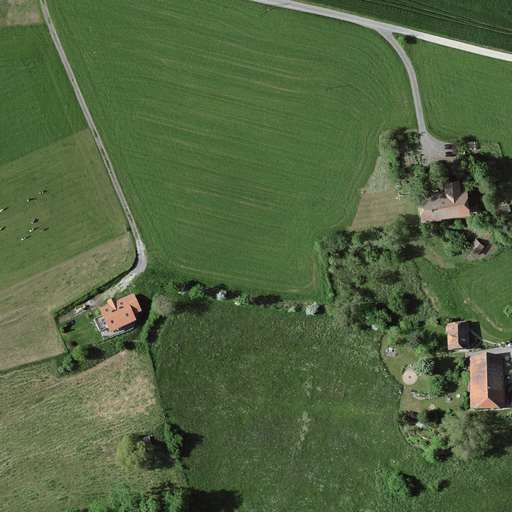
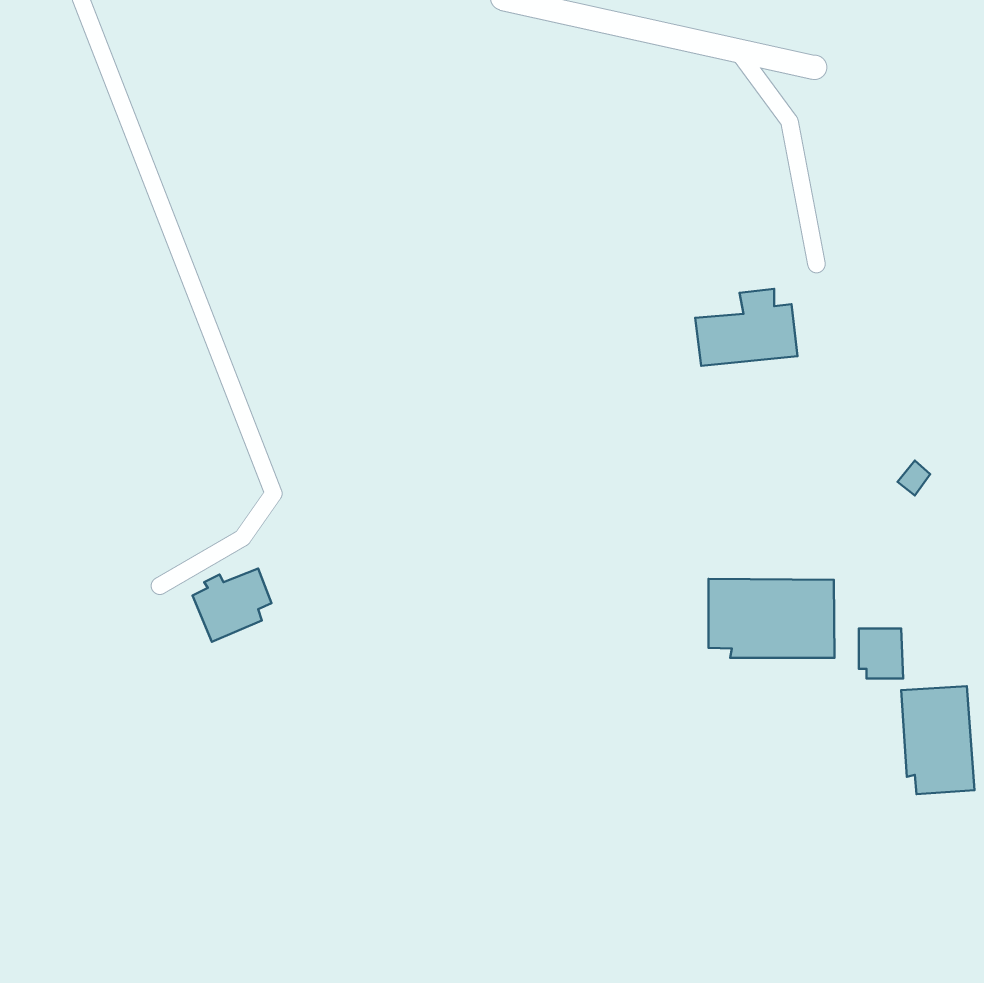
building: [419,177,472,217] -> [695,289,797,366]
building: none -> [708,579,834,658]

